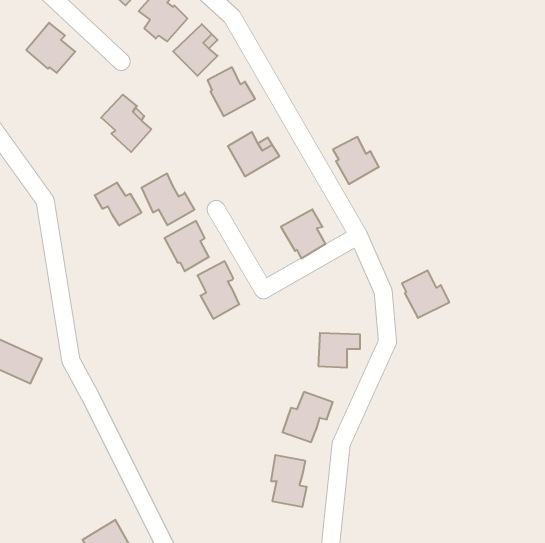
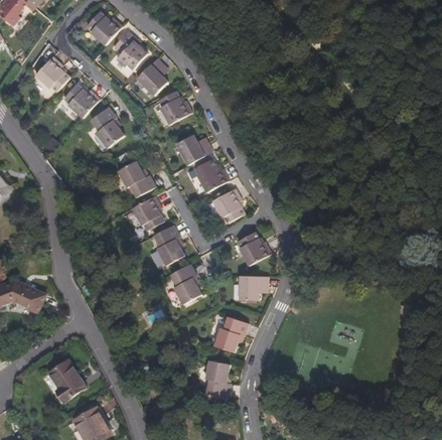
building: none -> [63,84,99,118]
building: [333,137,379,184] -> [196,158,229,191]
building: [95,182,141,226] -> none
building: [402,270,449,318] -> [238,231,271,264]
building: none -> [173,262,203,302]
building: none -> [48,360,86,401]

